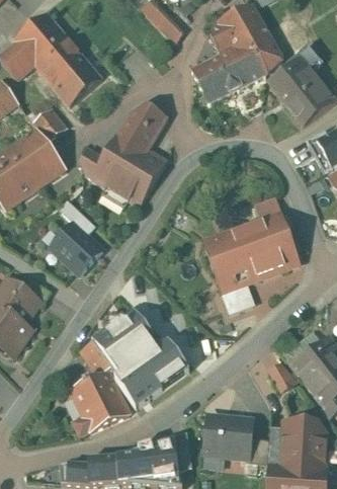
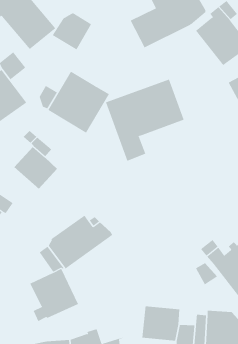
building: [118,103,167,149] -> [52,13,92,50]
building: [202,213,299,313] -> [105,79,185,162]
building: [113,333,195,407] -> none

